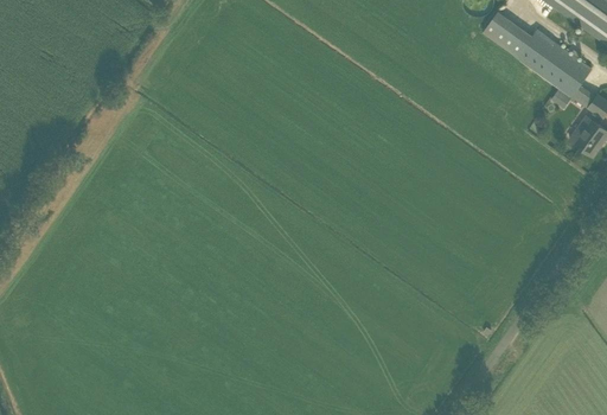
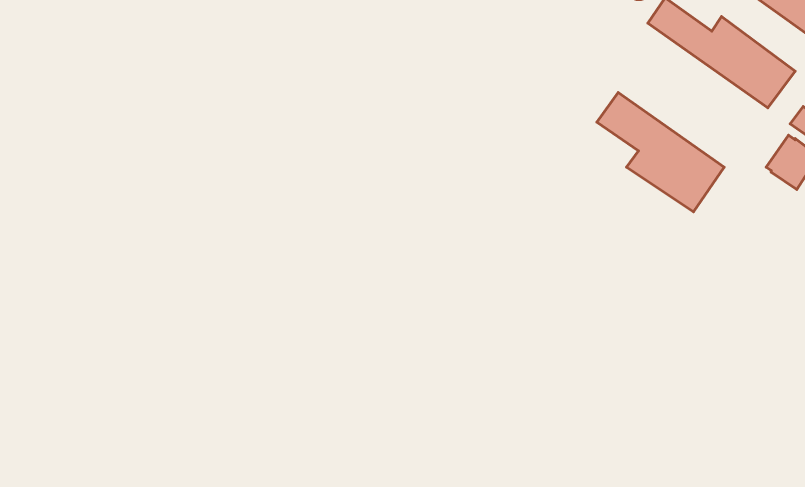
building: none -> [597,92,724,212]

